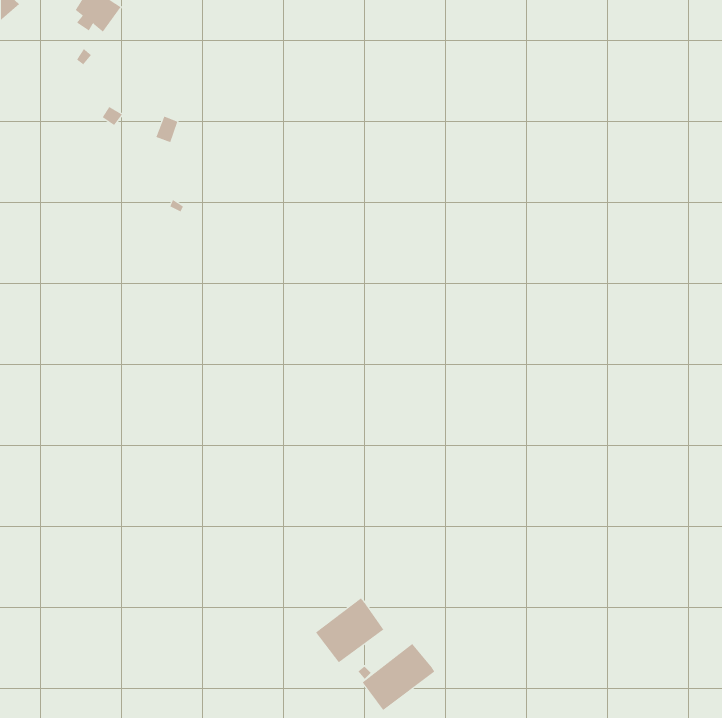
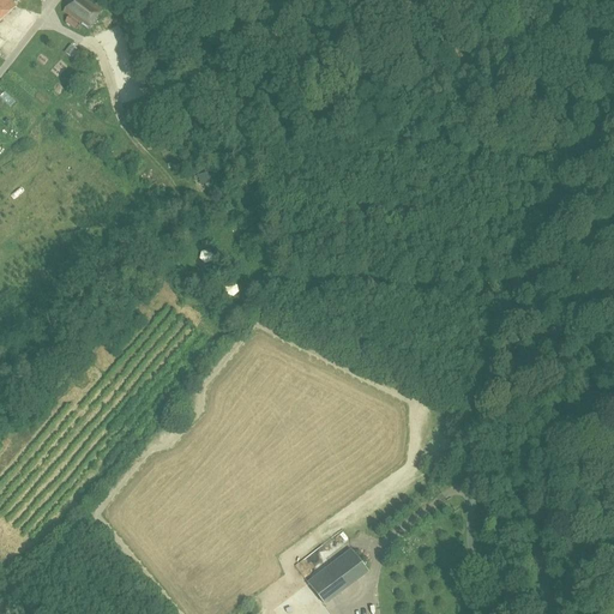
building: [315,598,384,663] -> none

